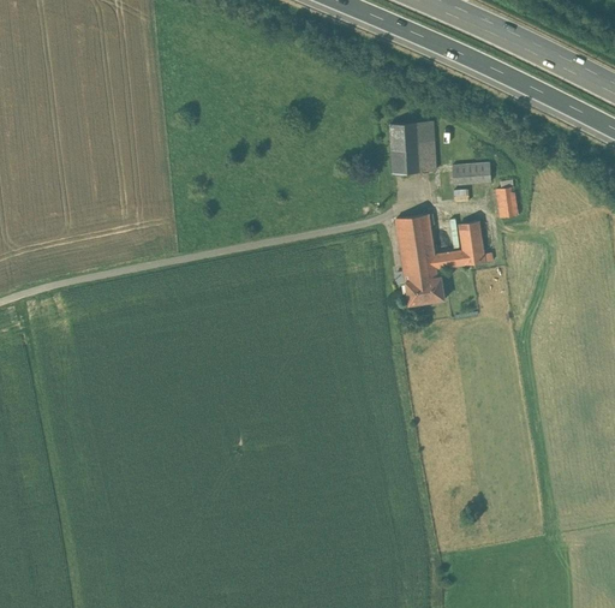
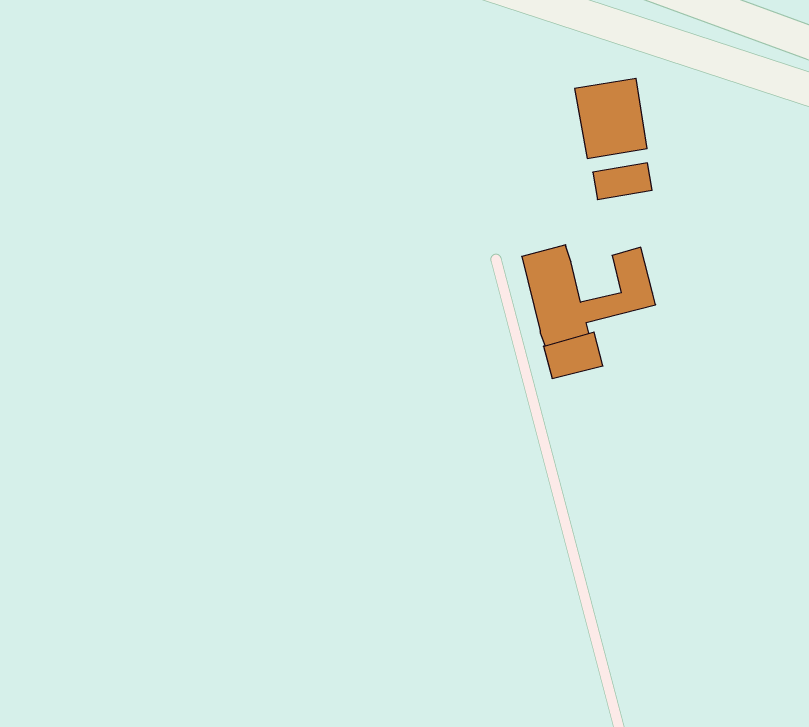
building: [388,121,434,173] -> [575,78,647,158]
building: [495,180,517,217] -> none

